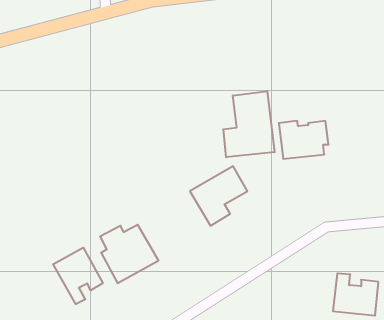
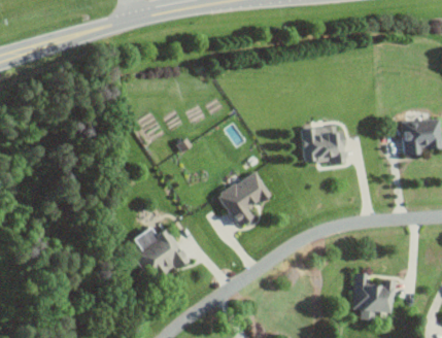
building: [223,91,275,157] -> none
building: [53,248,103,304] -> none

